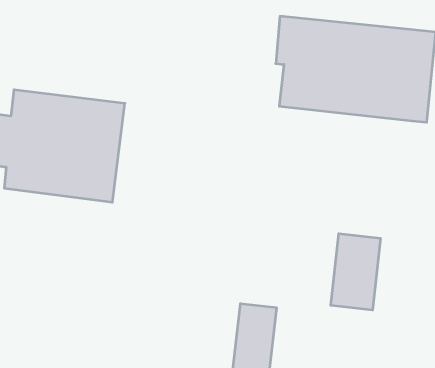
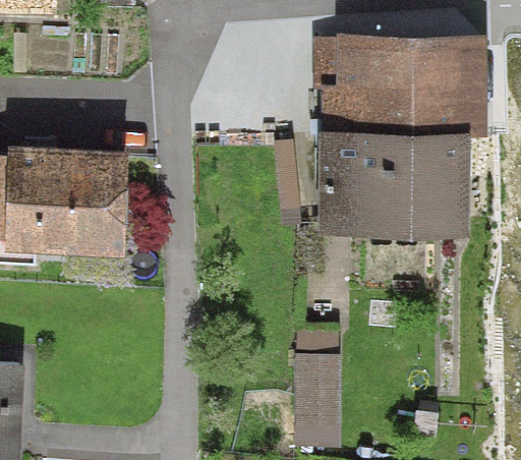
building: none -> [317,134,468,238]
building: [331,234,380,310] -> none

